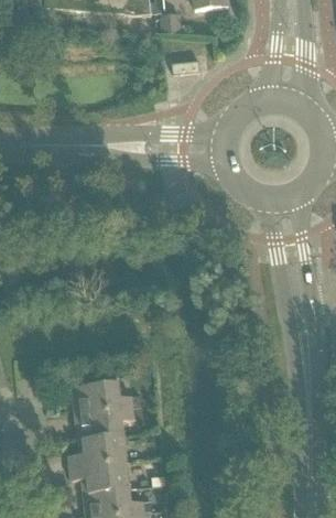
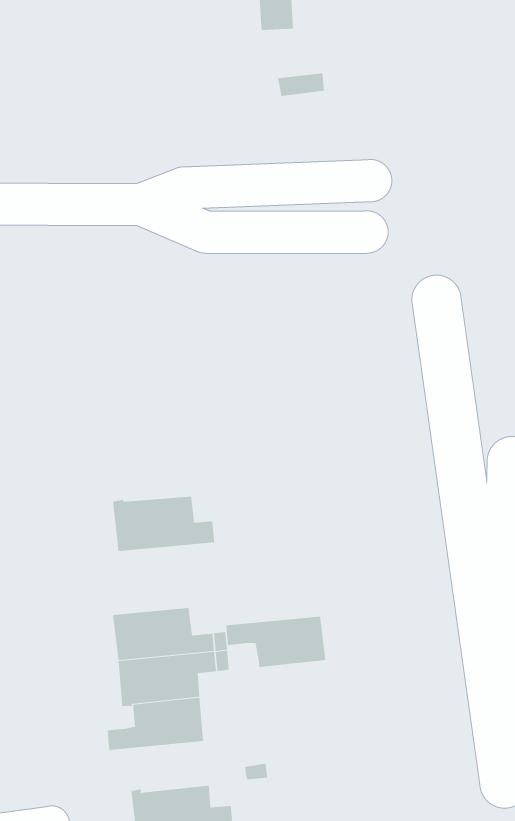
building: none -> [113,496,215,552]
building: [68,453,129,484] -> [225,616,326,667]

